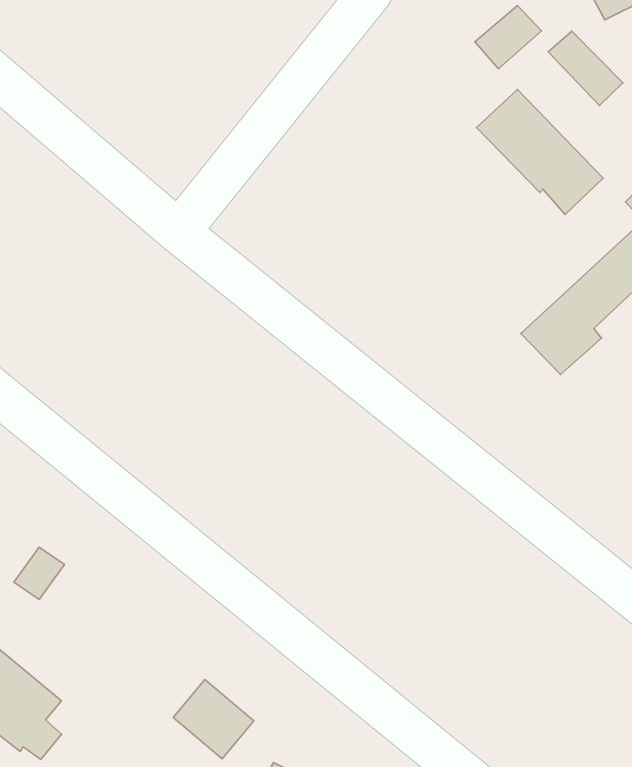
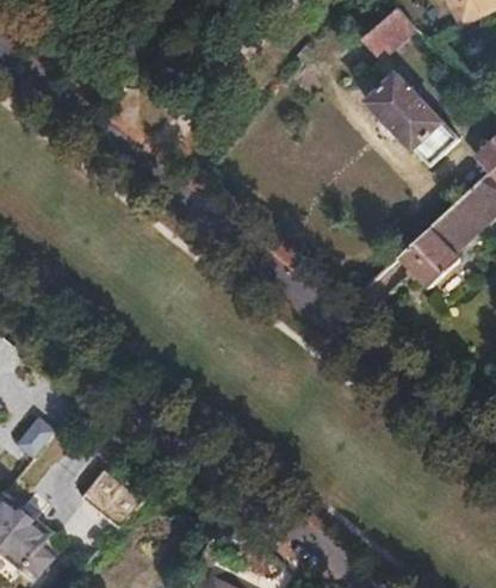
building: [548,31,623,105] -> none
building: [173,680,254,759] -> [82,468,143,527]

